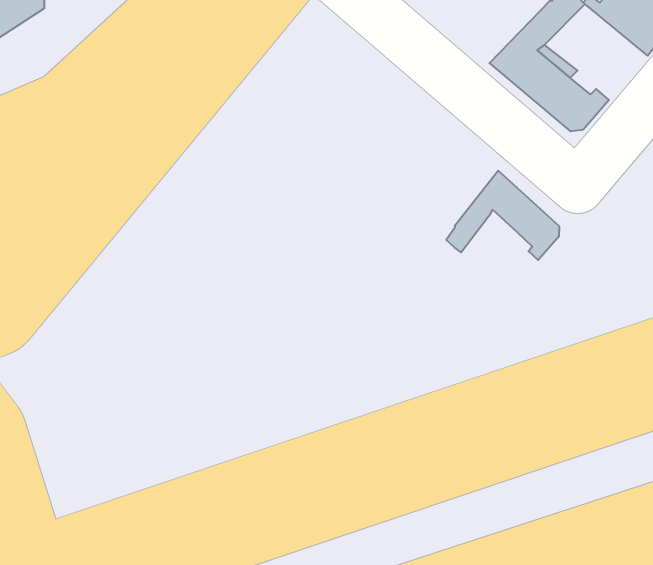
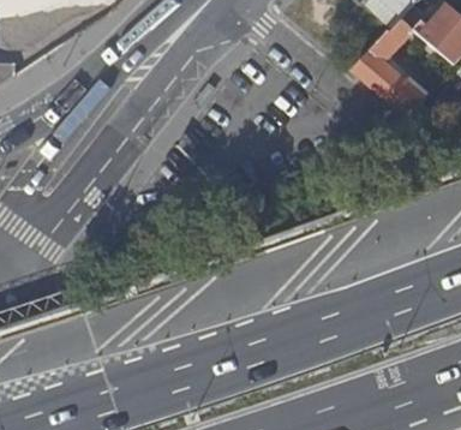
building: [446,171,559,260] -> none

